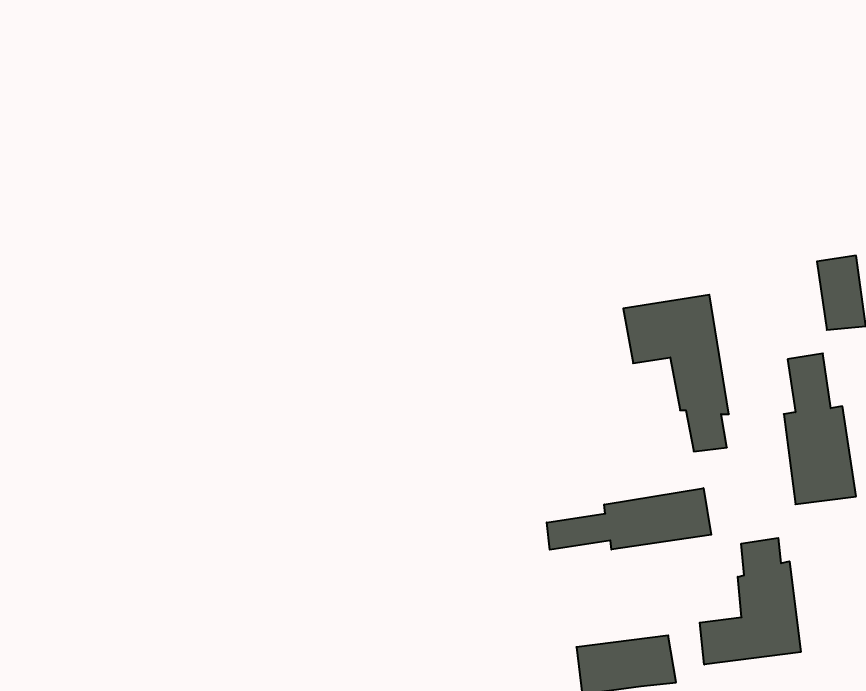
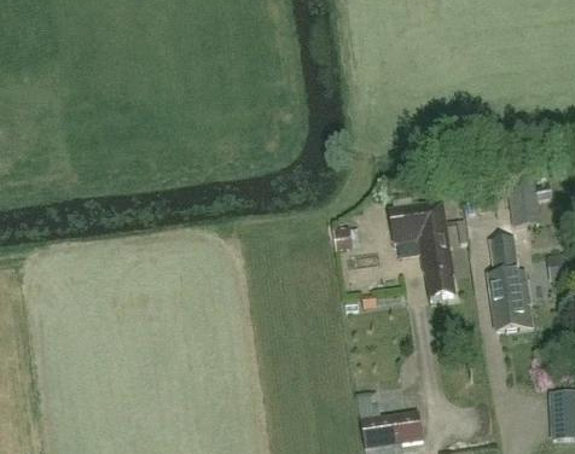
building: [547,488,711,550] -> none
building: [700,538,801,665] -> none

